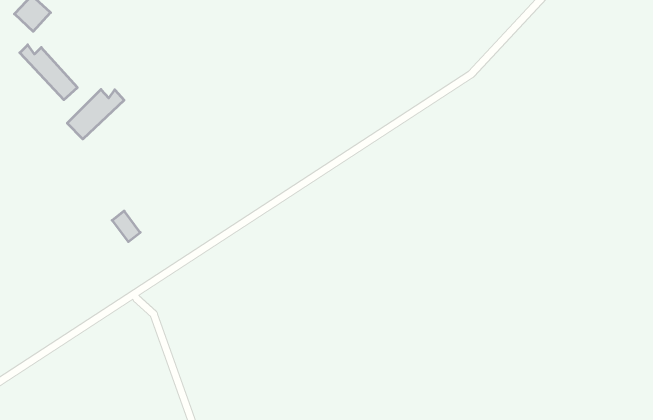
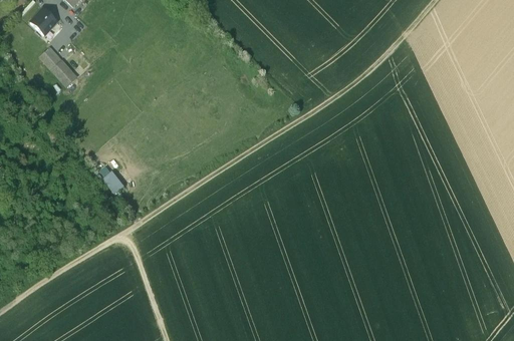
building: [67,89,124,139] -> none

